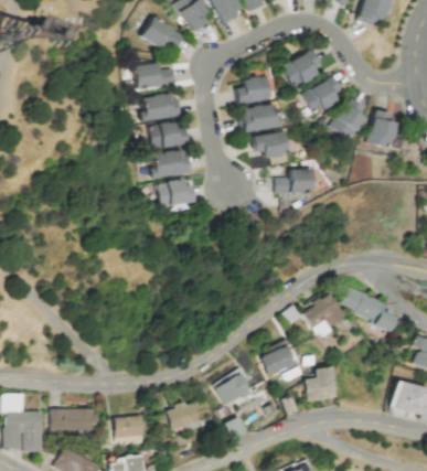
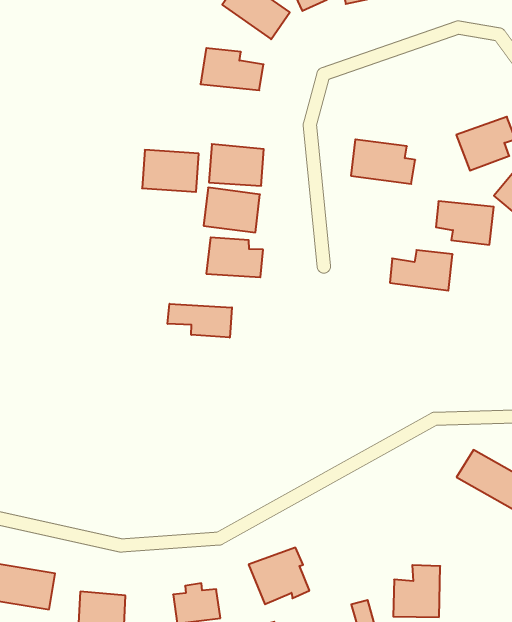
building: [281,50,322,86] -> none
building: [235,75,270,105] -> none
building: [141,94,178,121] -> [142,150,199,192]
building: [252,132,288,158] -> [436,201,494,245]
building: none -> [168,304,232,338]
building: [308,292,350,327] -> none
building: [265,340,301,377] -> none

